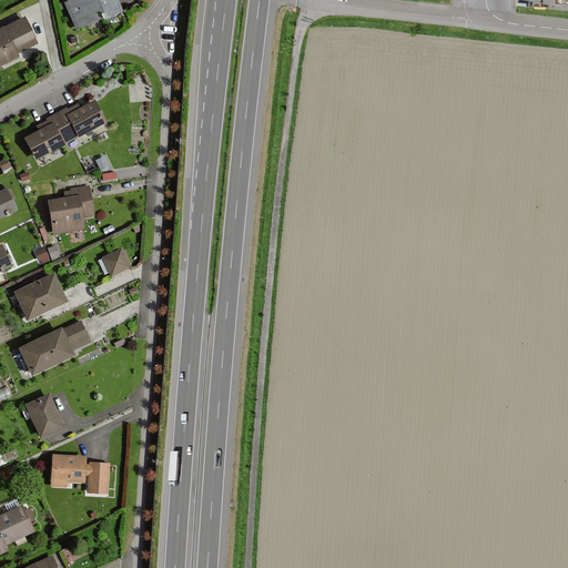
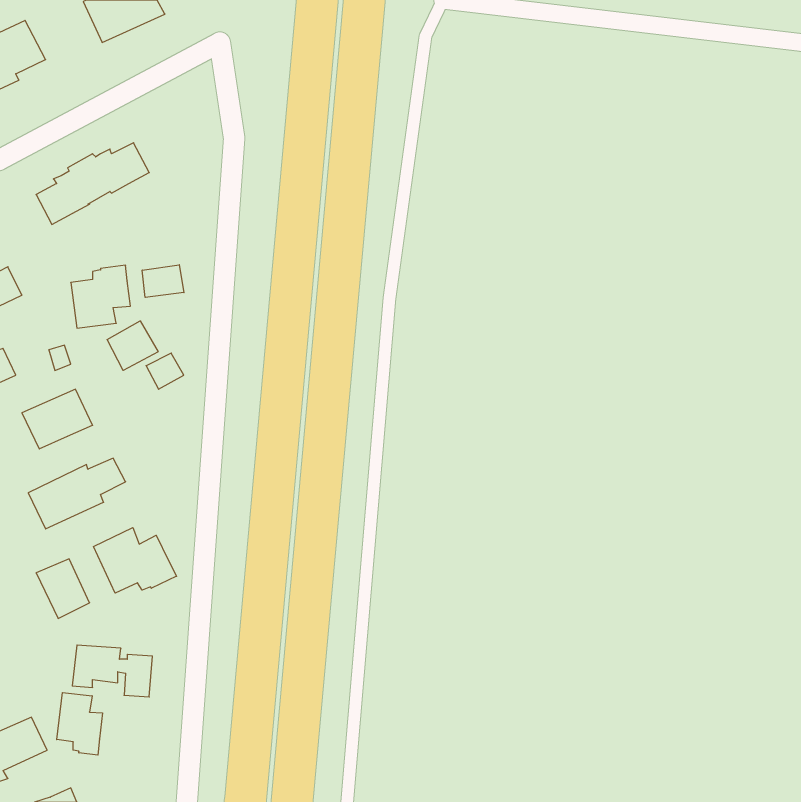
building: none -> [142,265,184,297]
building: none -> [107,321,158,370]
building: none -> [94,528,177,593]
building: none -> [57,693,102,755]

